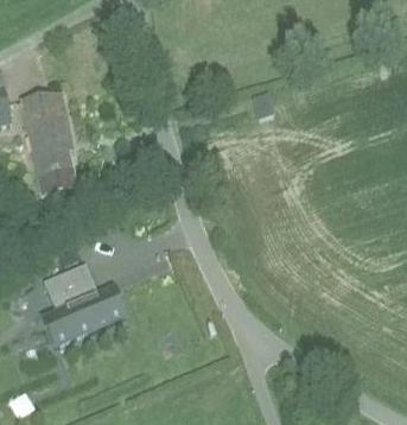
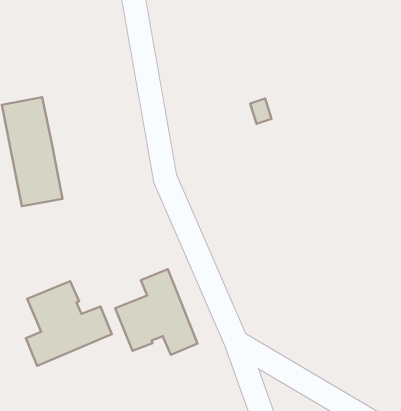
building: none -> [115,269,198,355]

